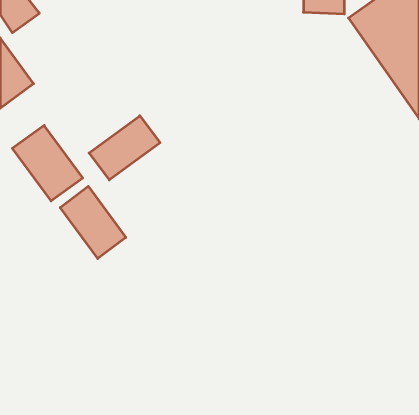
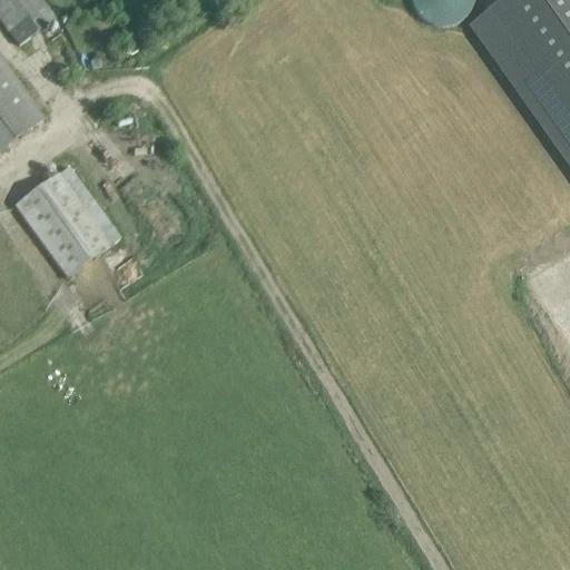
building: [89,116,160,180] -> none
building: [60,186,126,259] -> none

